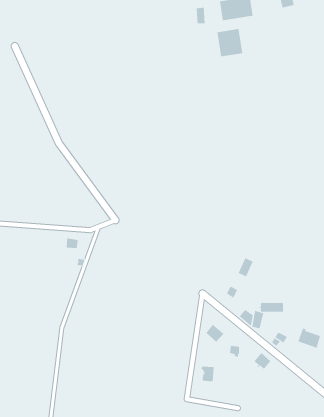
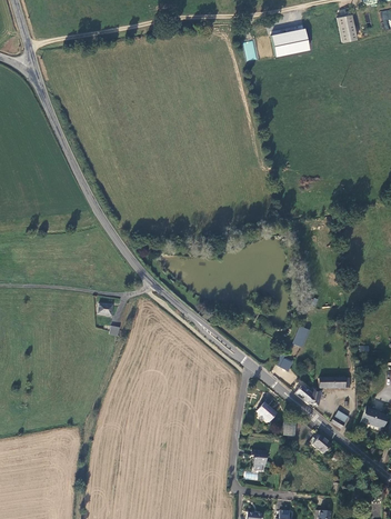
building: [217,28,243,57] -> none

